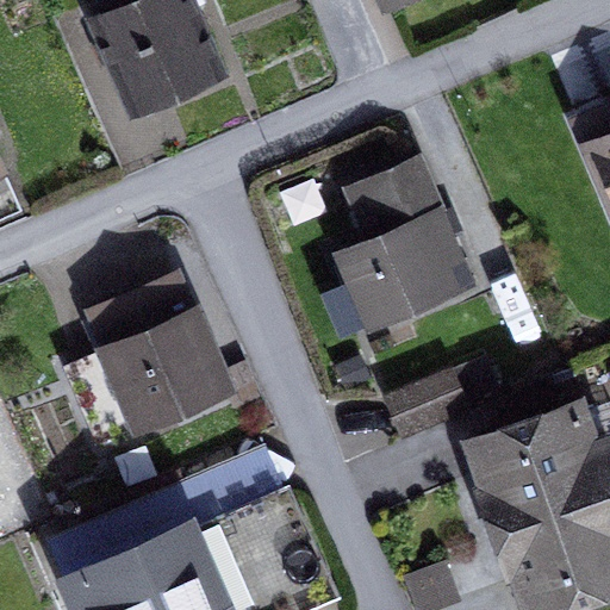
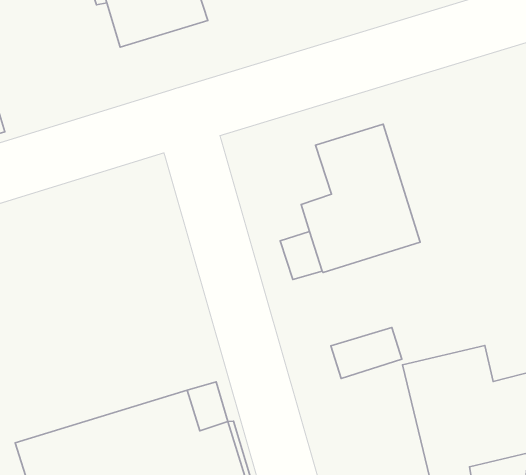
building: [67,292,223,450] -> none

